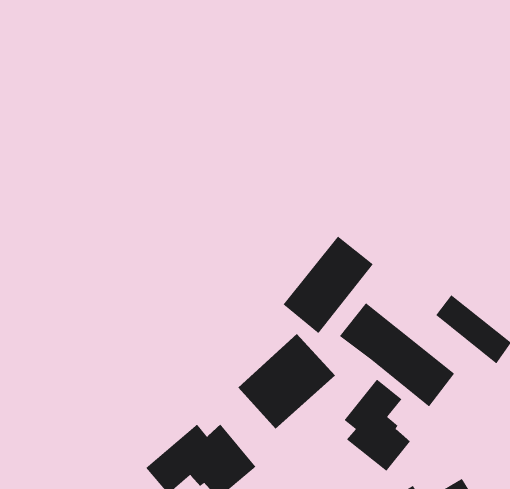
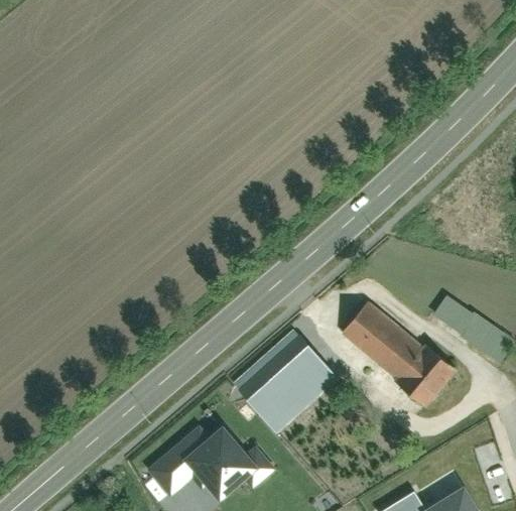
building: [282,235,374,334] -> none
building: [344,378,411,472] -> none

